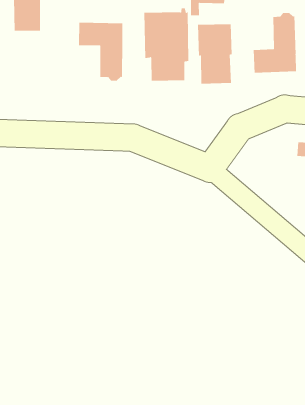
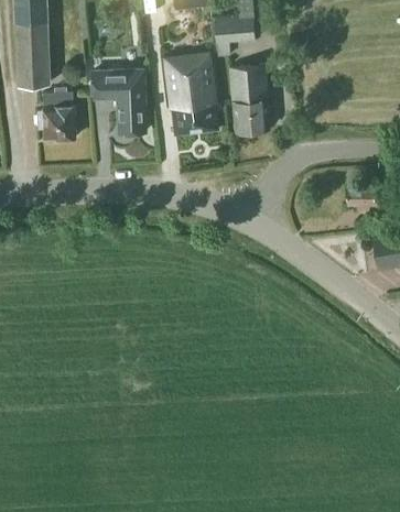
building: [253,12,297,73] -> none
building: none -> [37,91,76,139]

